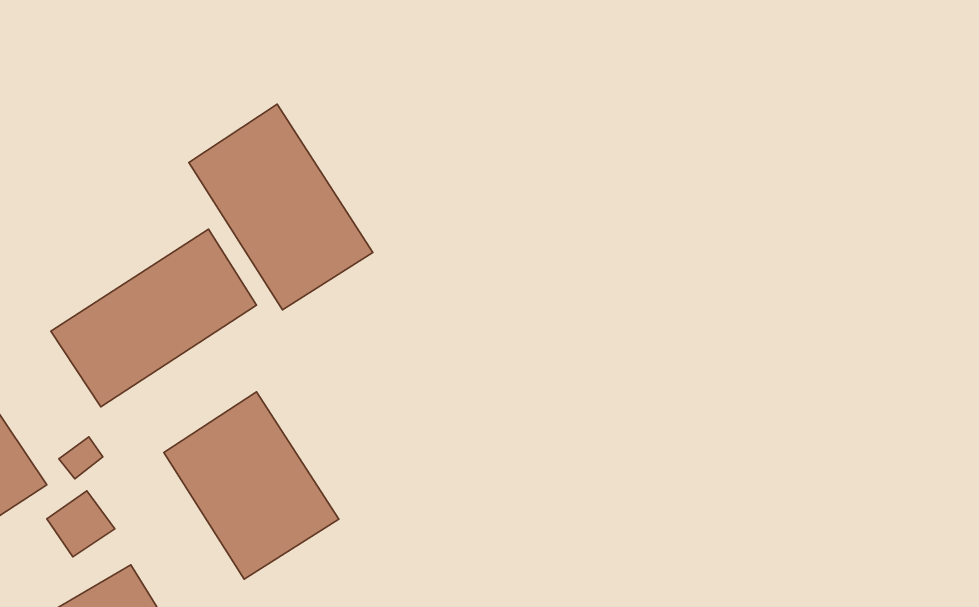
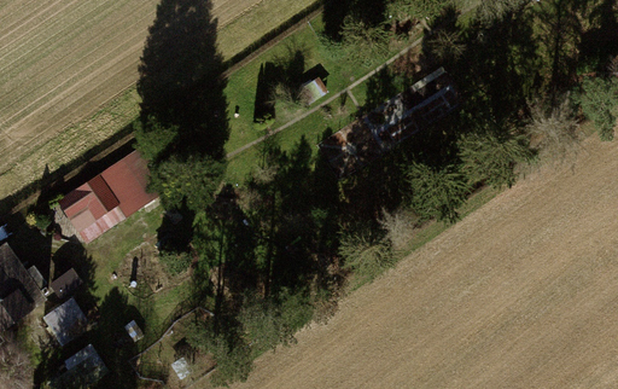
building: [189,104,373,310] -> none
building: [164,392,339,579] -> none

